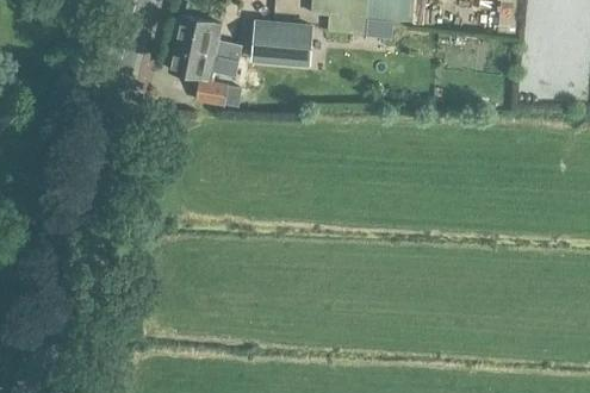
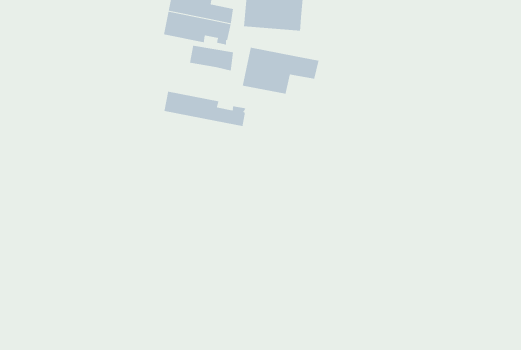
building: none -> [242,47,319,95]
building: none -> [164,91,246,127]

